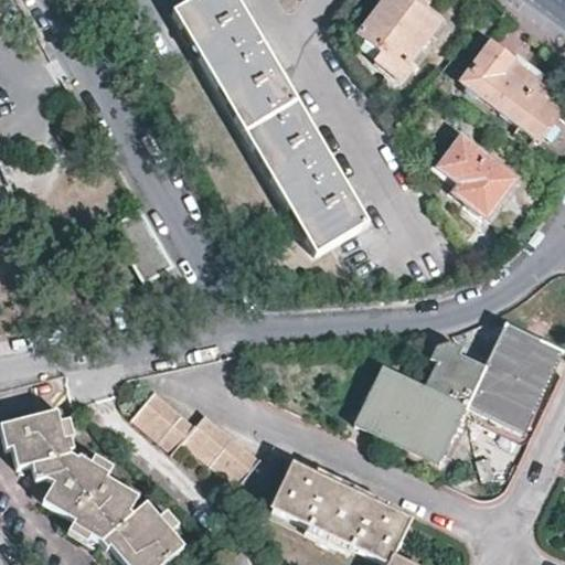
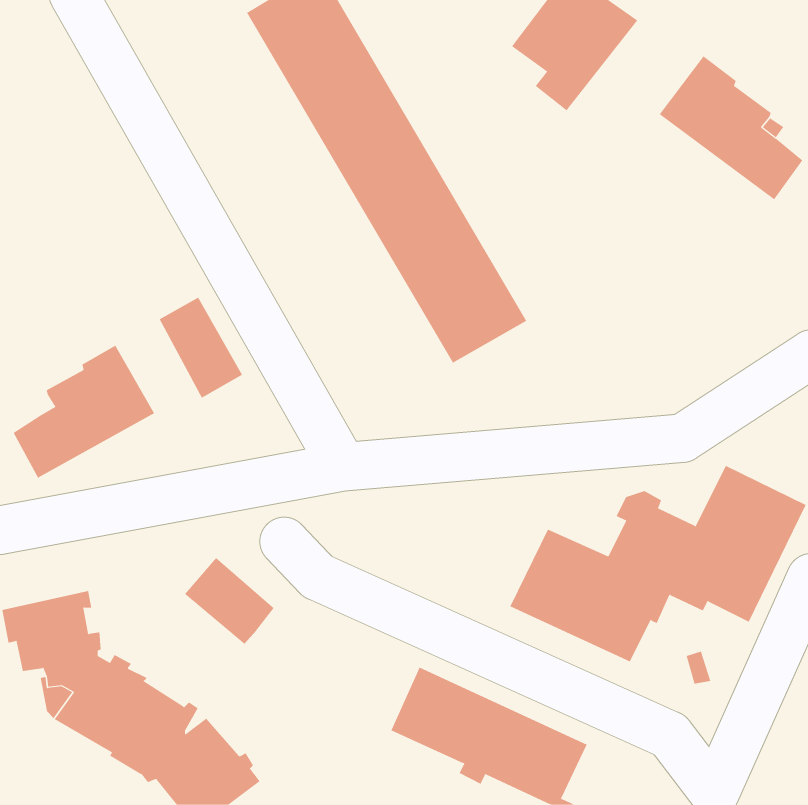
building: [438,135,518,217] -> none
building: none -> [13,345,155,479]
building: [181,409,257,483] -> none

